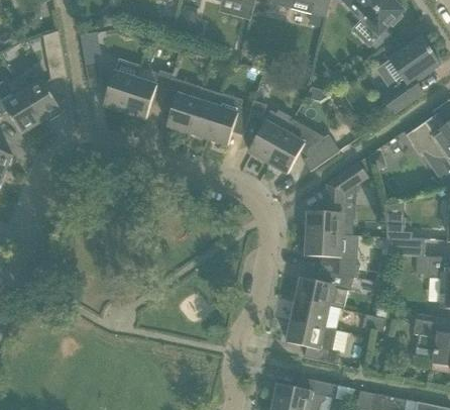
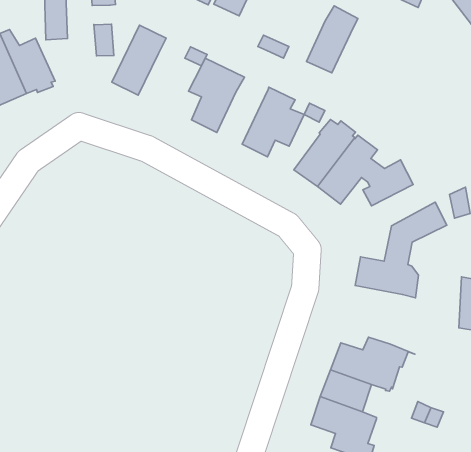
building: [124,78,156,118] -> none
building: [187,87,221,137] -> [306,6,358,73]
building: [305,232,360,278] -> none

